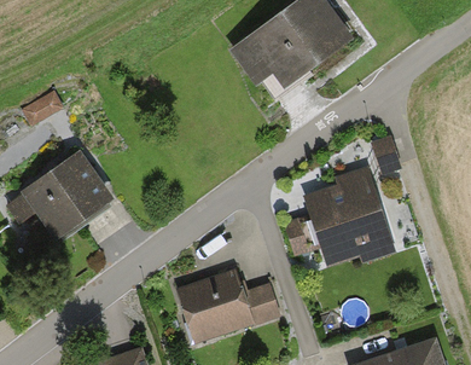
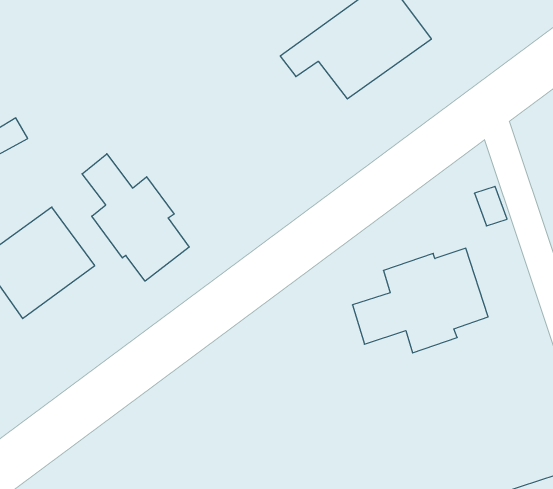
building: none -> [82,154,189,281]
building: [176,272,280,343] -> none

